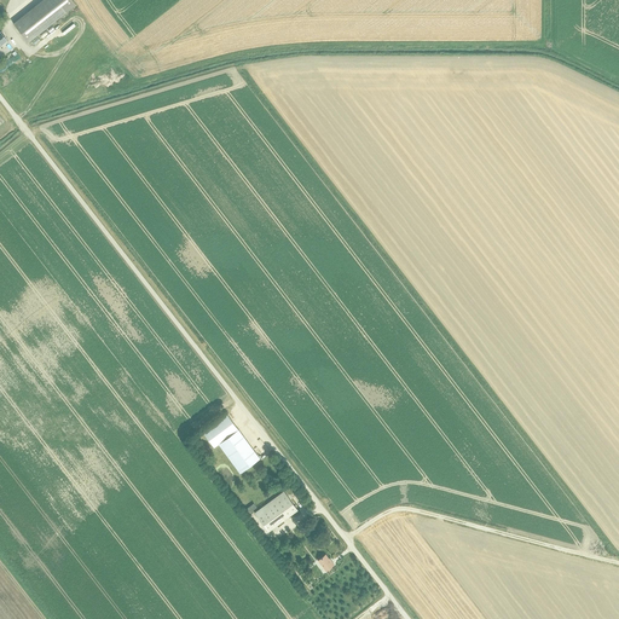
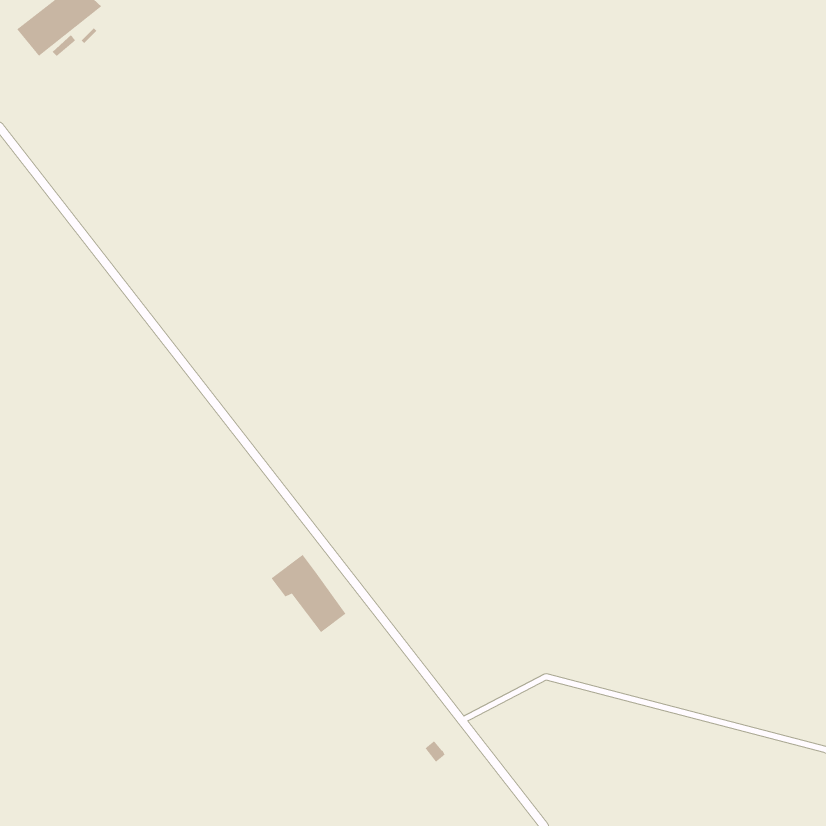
building: [254,490,297,531] -> none

